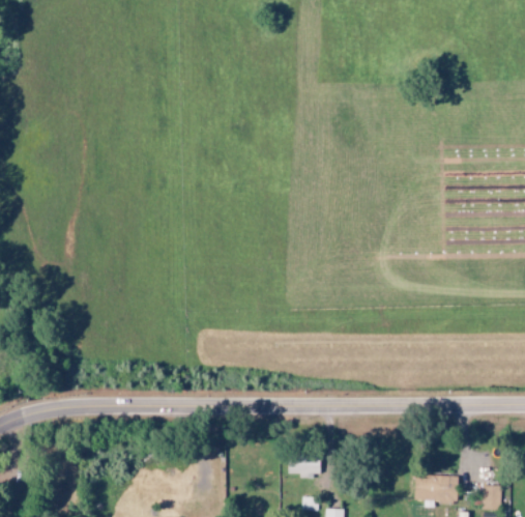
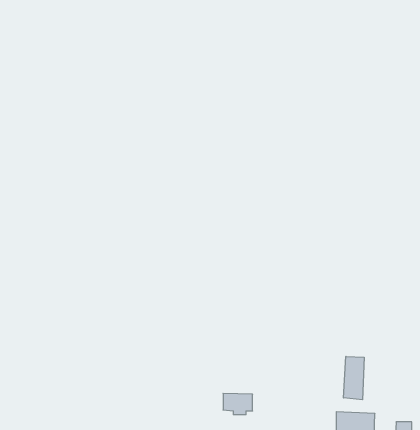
building: none -> [344,356,364,400]

